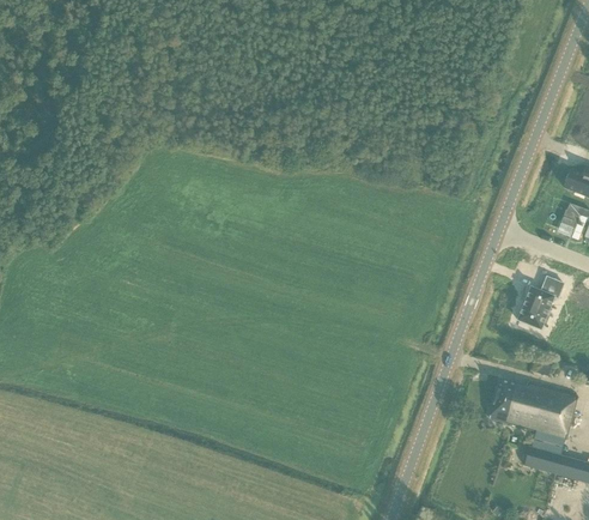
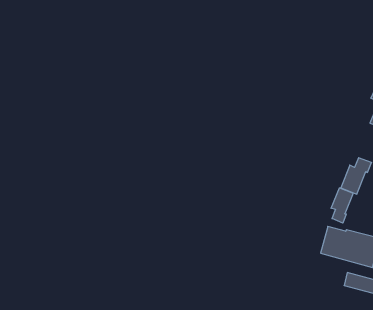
building: none -> [331,188,353,223]

